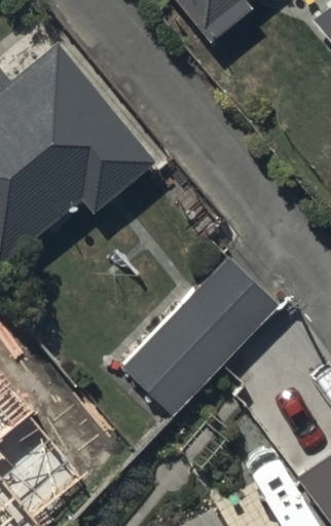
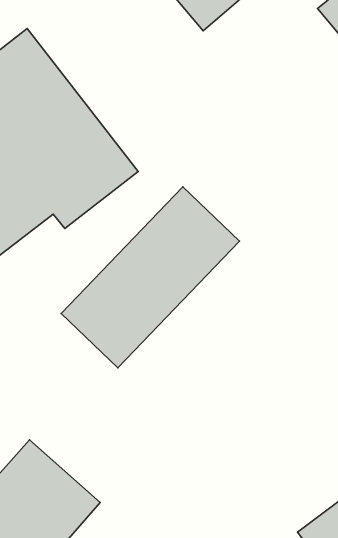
building: [122,258,278,415] -> [61,187,240,368]

